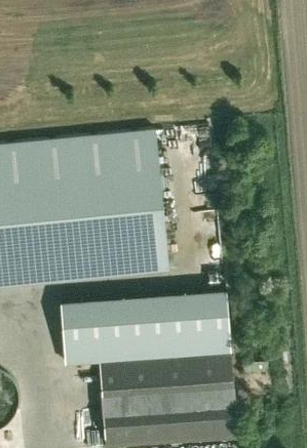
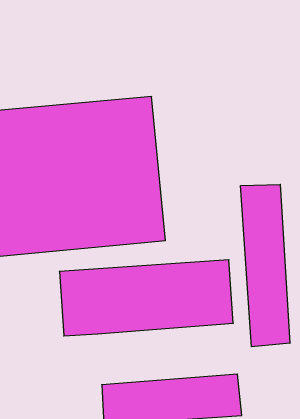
building: none -> [241,184,290,347]
building: [98,352,233,400] -> none

